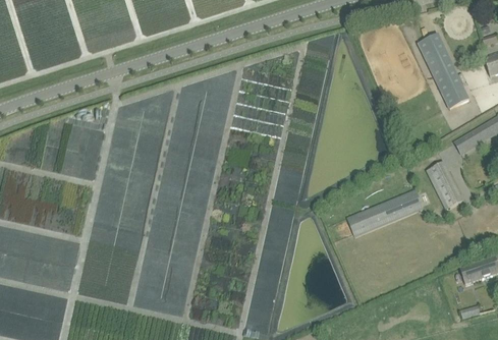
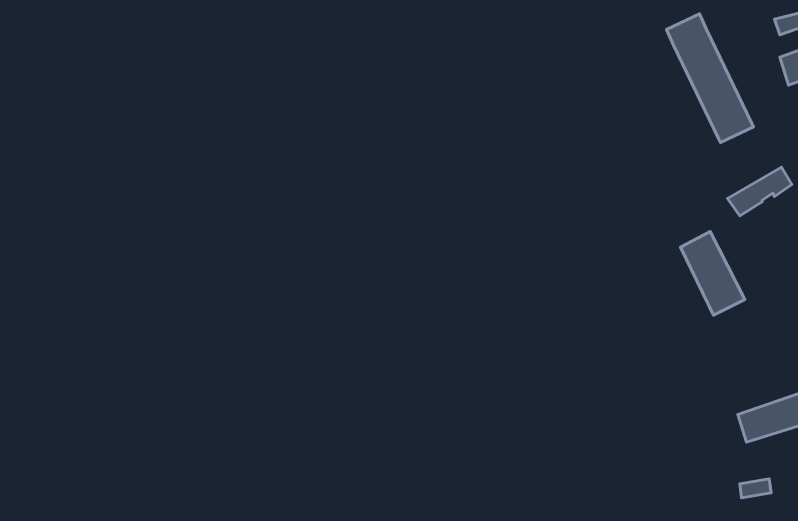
building: [346,189,425,238] -> none

